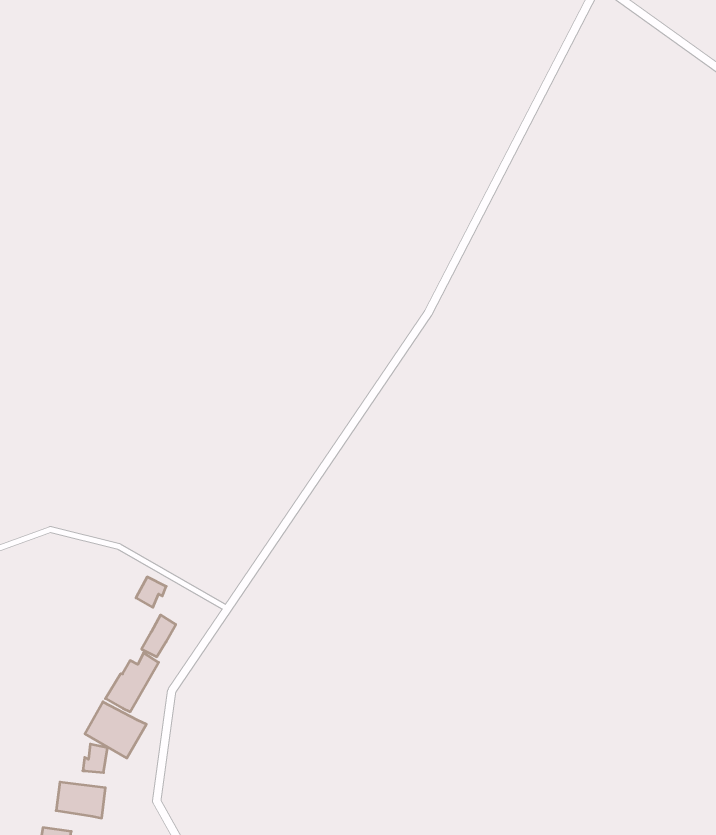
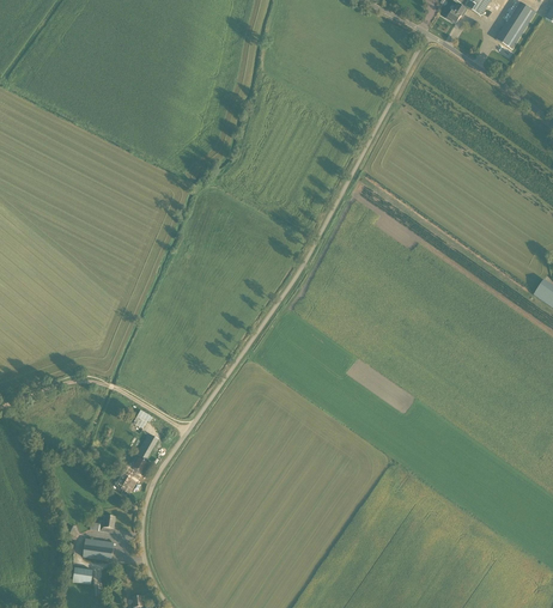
building: [85,702,146,758] -> none

